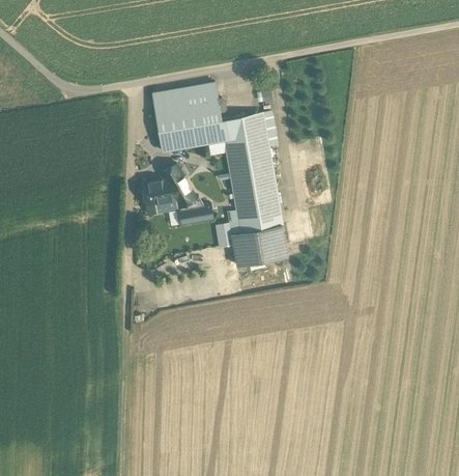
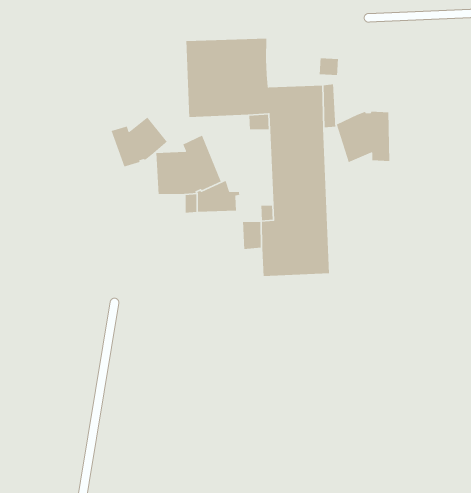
building: none -> [336,111,390,163]
building: none -> [111,117,168,167]

